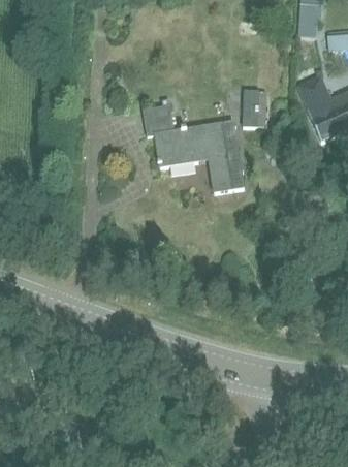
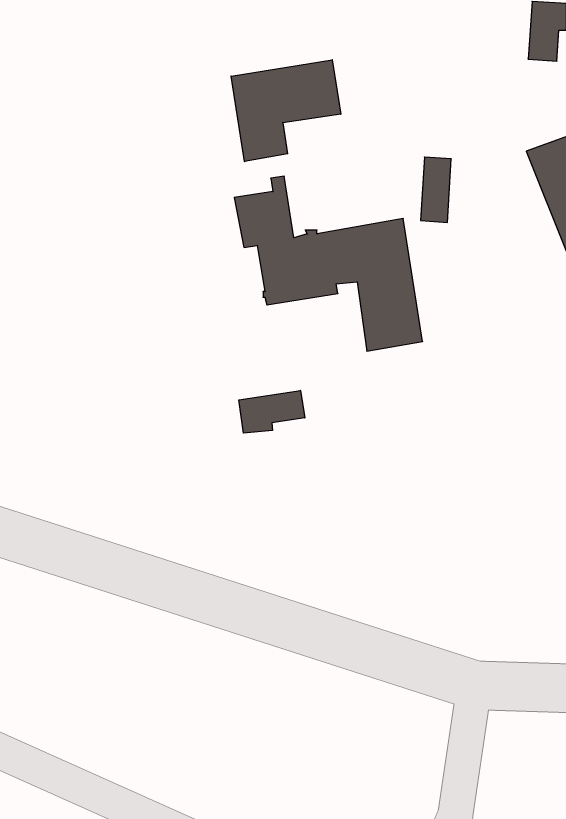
building: none -> [231,60,341,162]
building: none -> [239,390,305,433]

